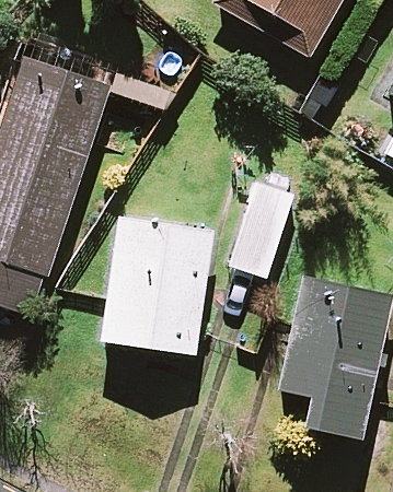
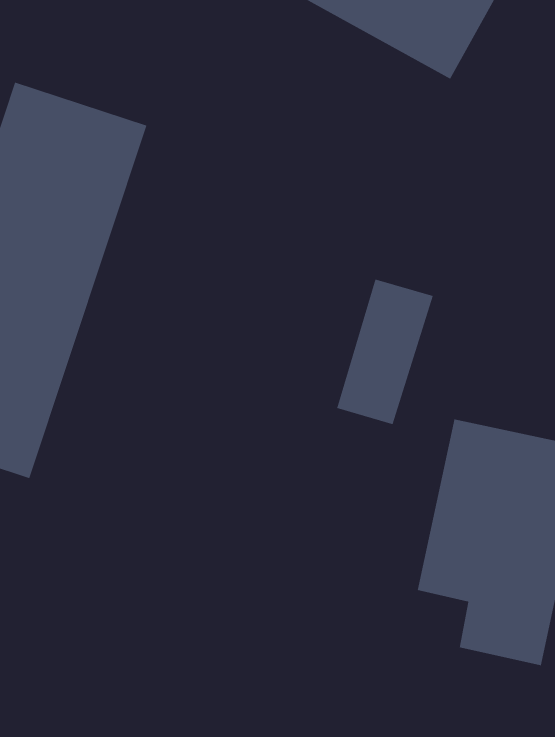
building: [100,218,209,353] -> none

